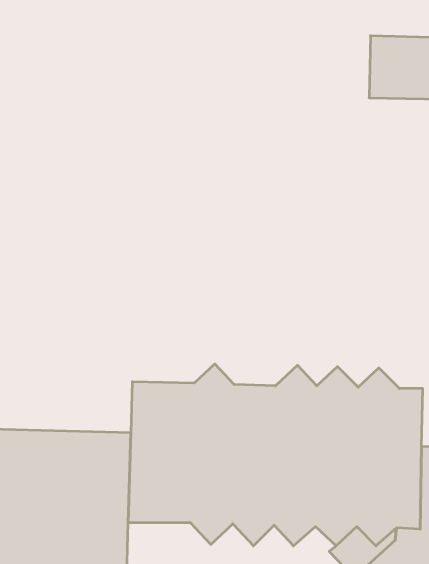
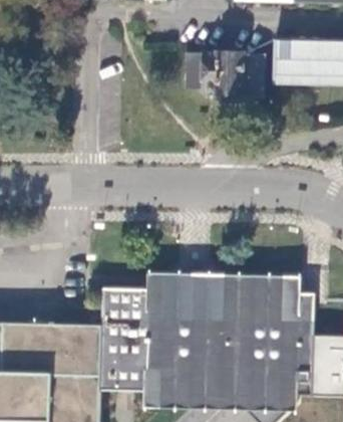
building: none -> [188,50,266,95]

